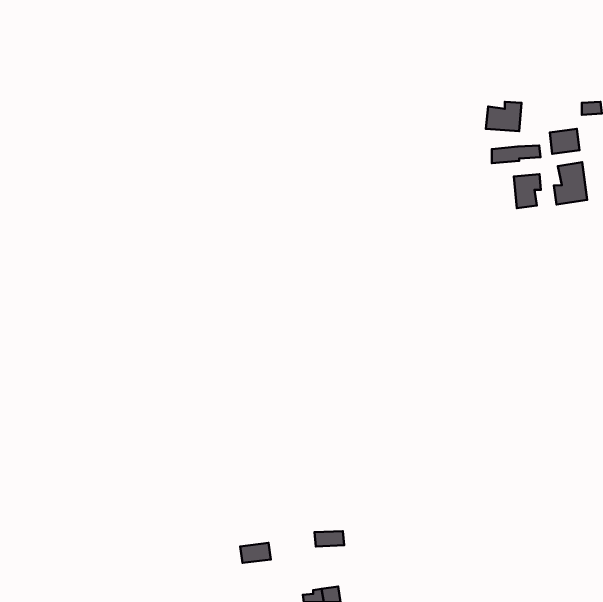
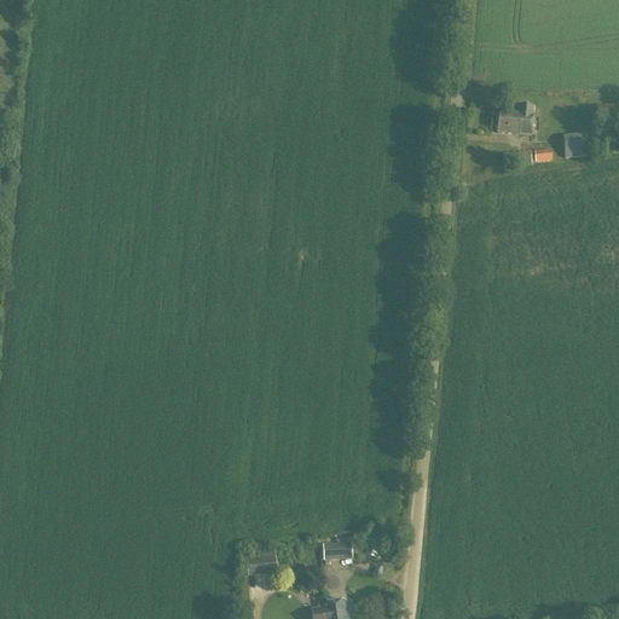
building: [554,162,587,204] -> none
building: [514,174,541,208] -> none

